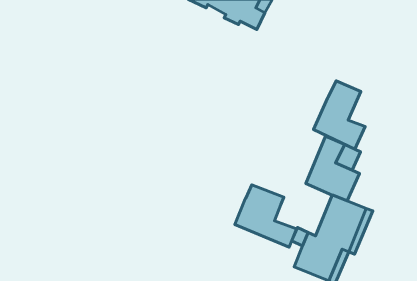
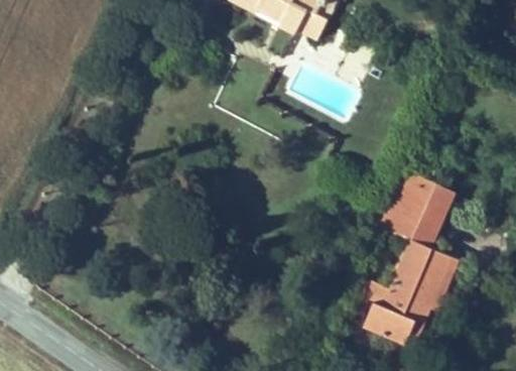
building: [313,81,365,149] -> none
building: [235,185,296,247] -> none

